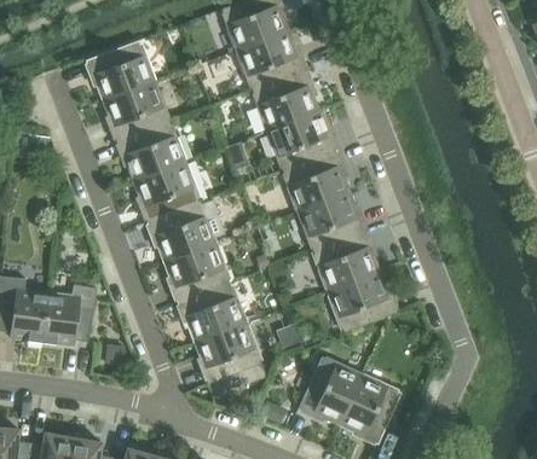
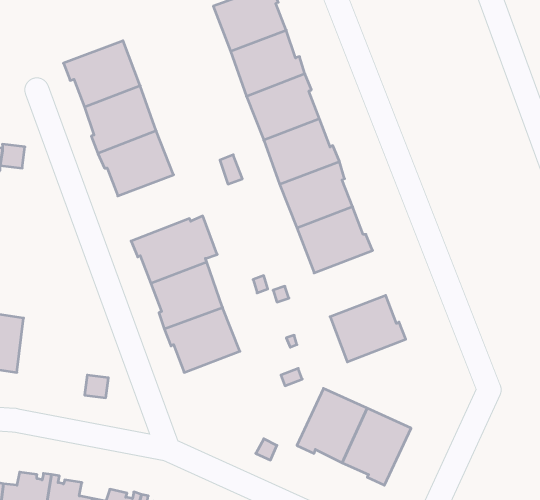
building: [134,162,200,222] -> none
building: [313,231,379,291] -> none
building: [42,284,97,345] -> none
building: [195,323,265,384] -> none

